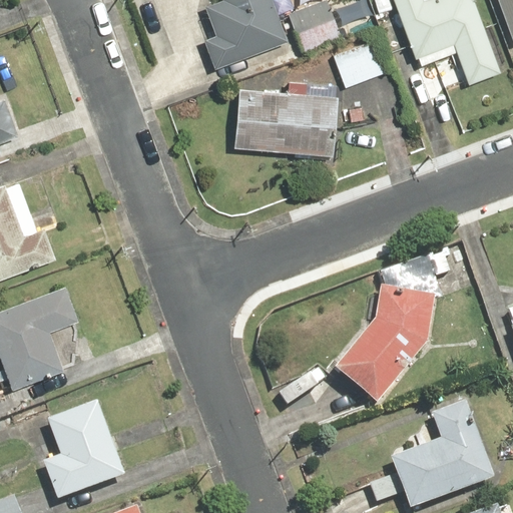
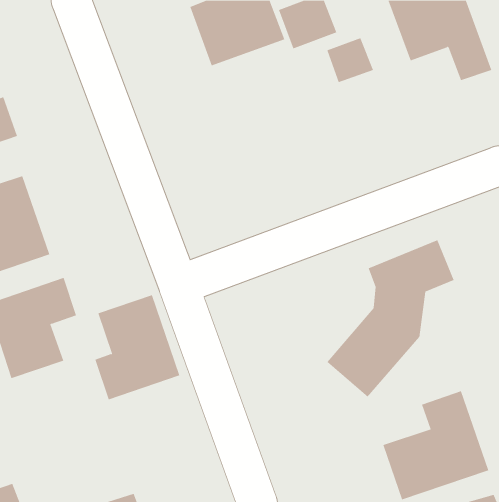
building: [233,85,339,154] -> none
building: [40,396,127,503] -> [94,294,180,400]

